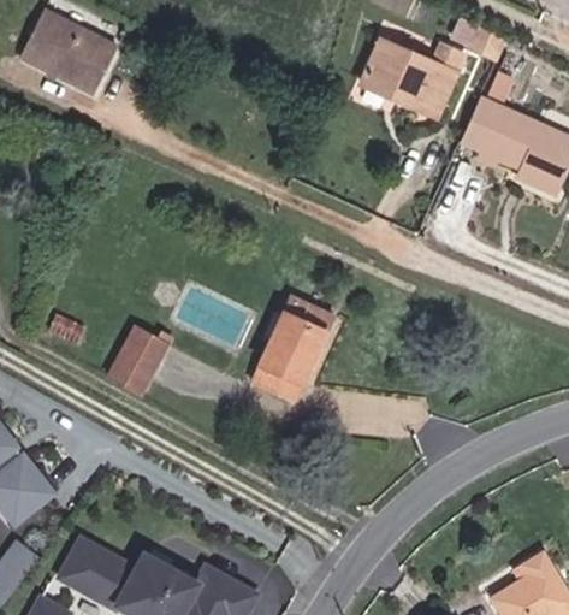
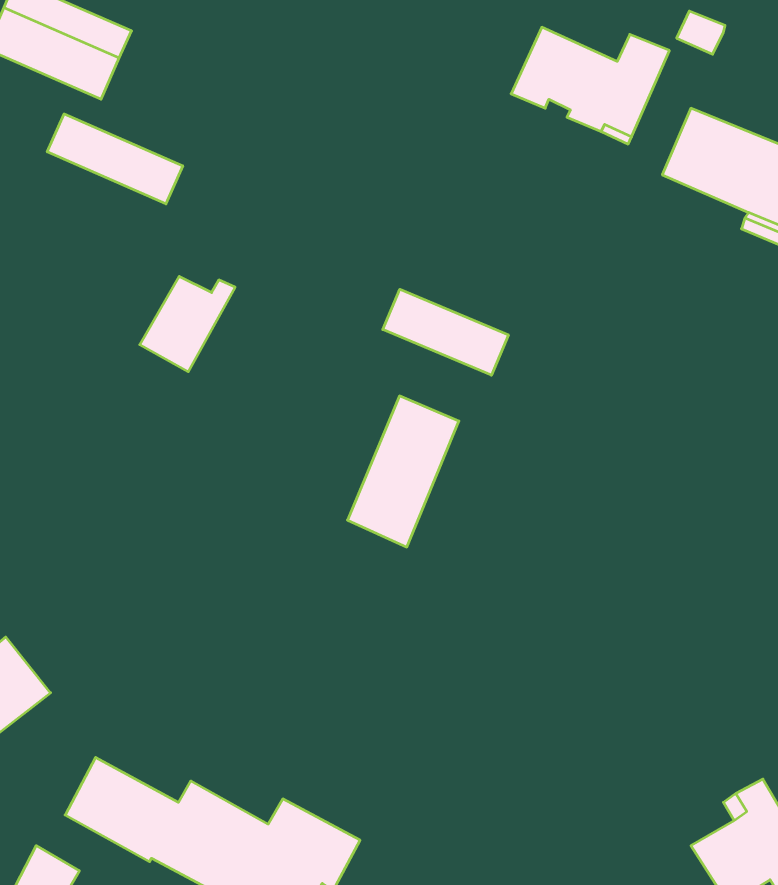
building: none -> [47,114,183,204]
building: none -> [383,289,508,375]
building: [108,320,172,384] -> [140,276,235,372]

